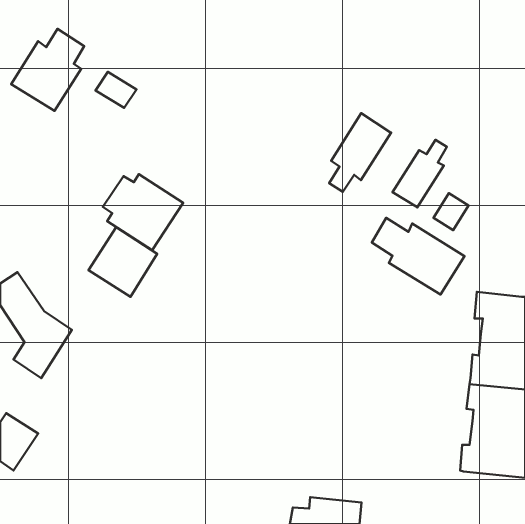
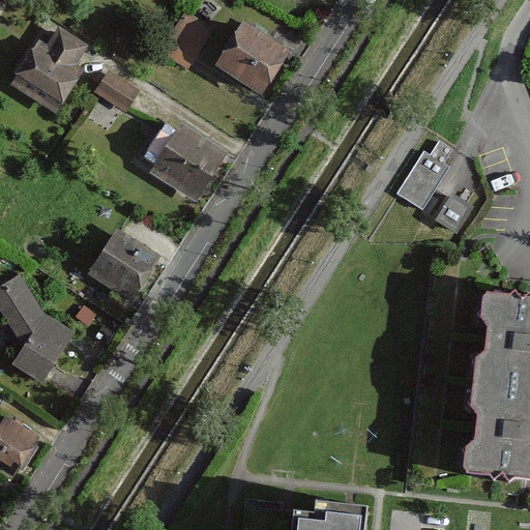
building: none -> [158,11,210,67]
building: none -> [215,22,288,93]
building: [329,113,391,192] -> none
building: [103,174,183,250] -> [146,123,227,200]
building: [372,218,464,295] -> none

